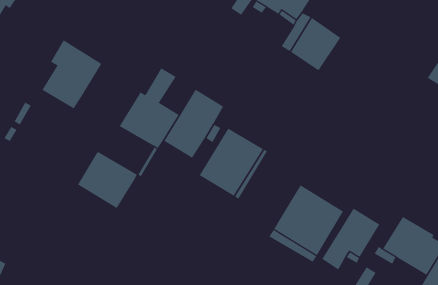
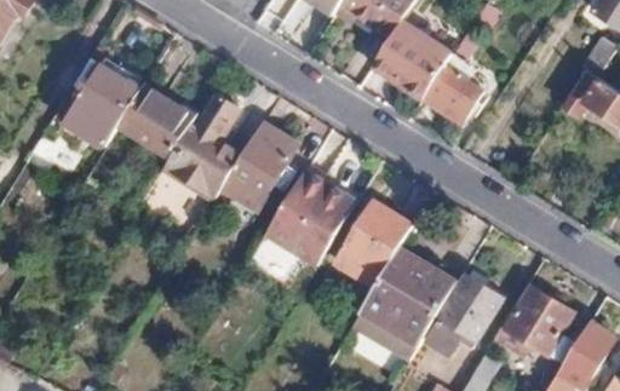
building: none -> [423,21,483,123]
building: none -> [334,201,412,286]
building: [77,151,137,209] -> [116,85,195,160]

